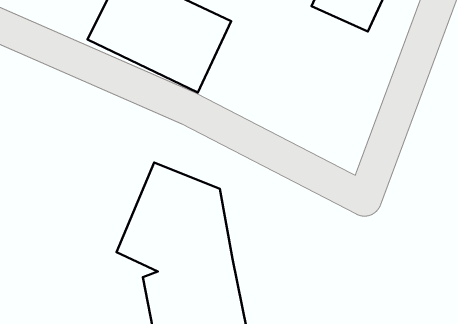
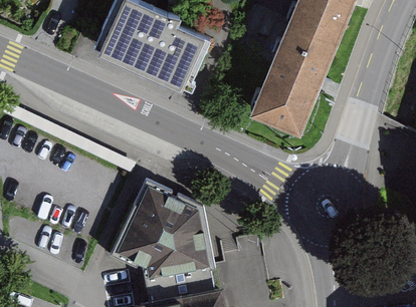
building: none -> [246,27,334,140]

